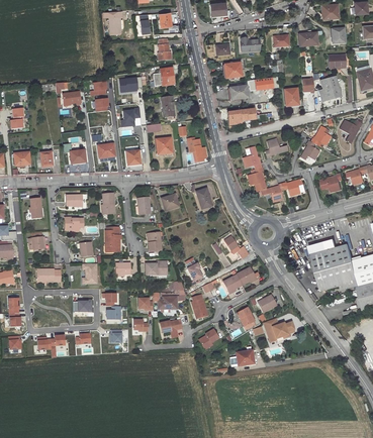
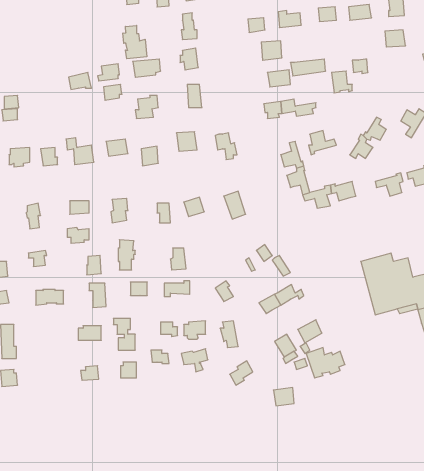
building: none -> [123,25,147,59]
building: [319,76,341,101] -> none
building: [36,335,65,358] -> none

